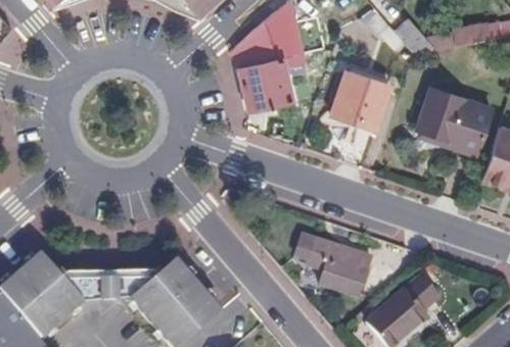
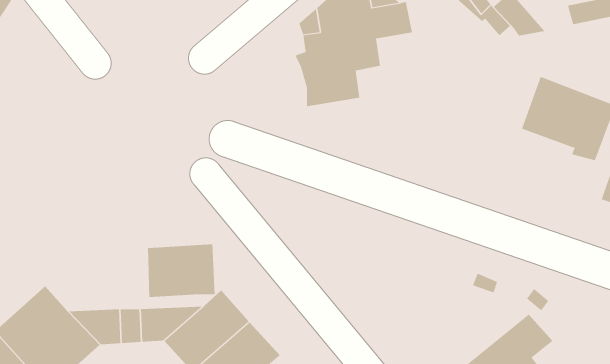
building: [328,70,387,129] -> none
building: none -> [147,244,215,298]
building: [298,235,371,297] -> none

